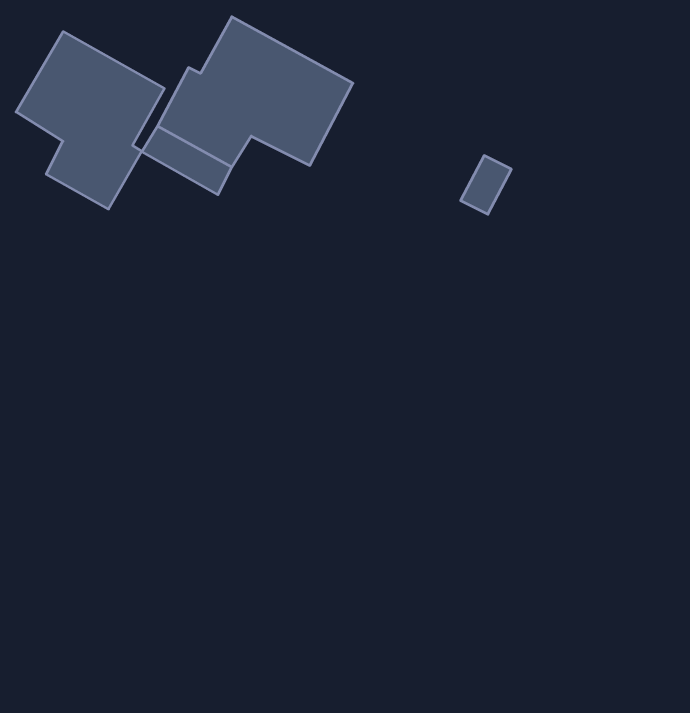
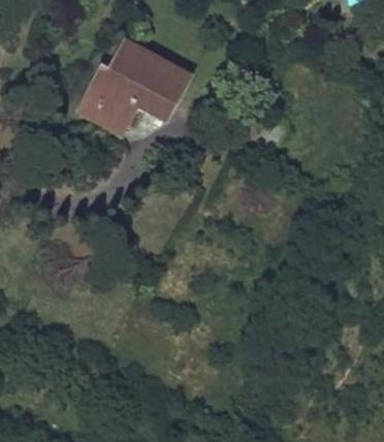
building: [16,32,164,209] -> none

